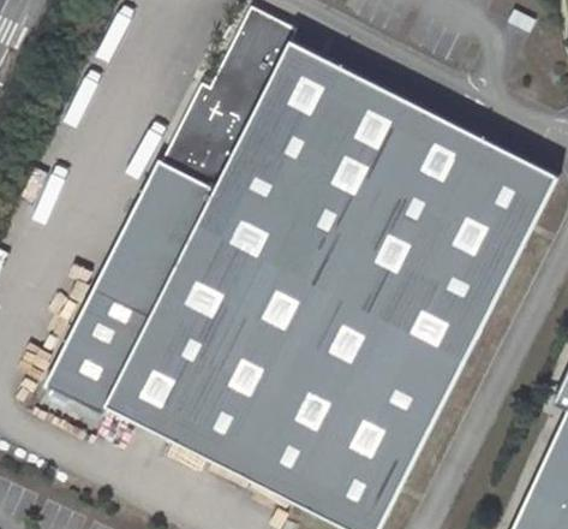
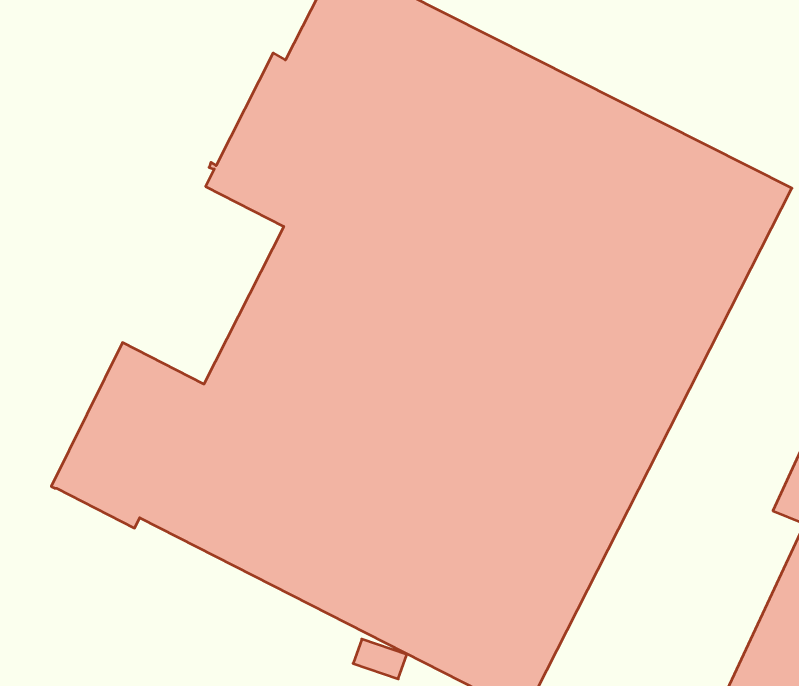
building: [96,164,208,314] -> none

